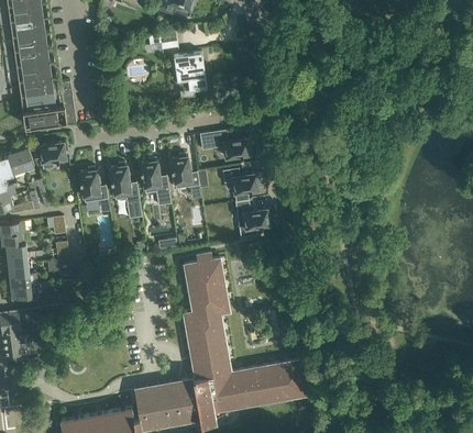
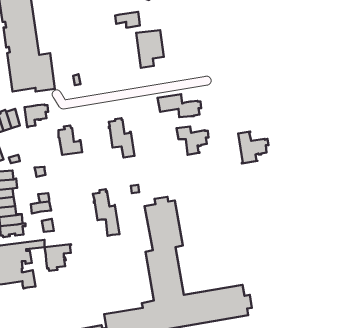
building: [172,155,199,190] -> none
building: [110,164,142,220] -> [93,189,120,236]
building: [235,201,272,240] -> [238,132,268,164]
building: none -> [45,244,71,271]

